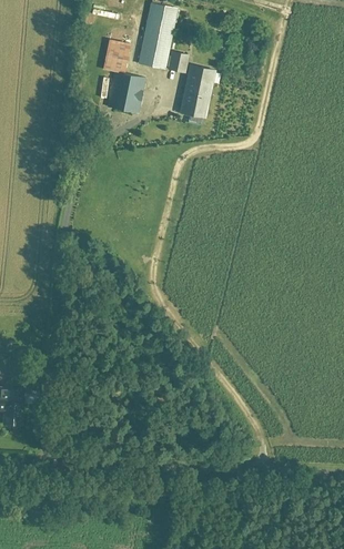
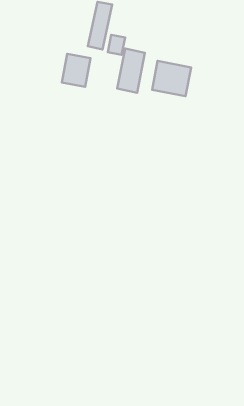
building: [104,38,129,69] -> none
building: none -> [152,61,191,96]

